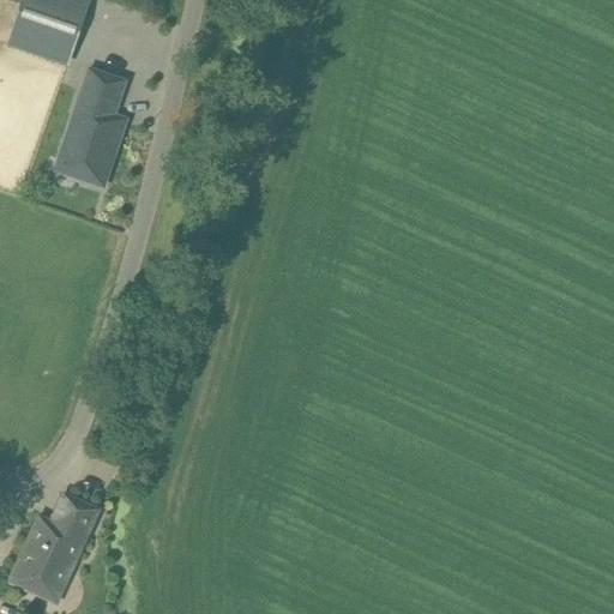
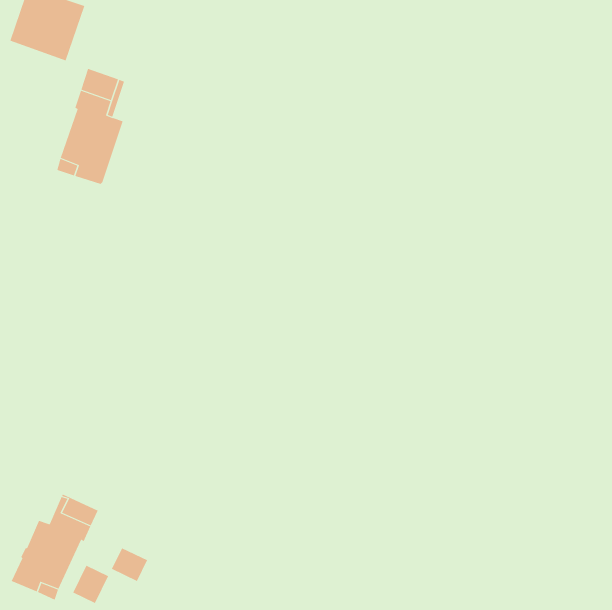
building: none -> [111,547,148,582]
building: none -> [73,565,109,604]

